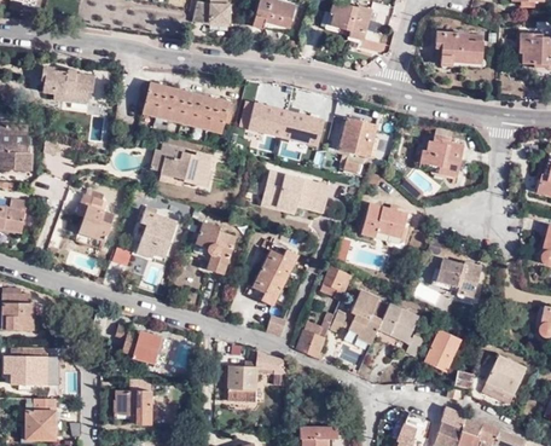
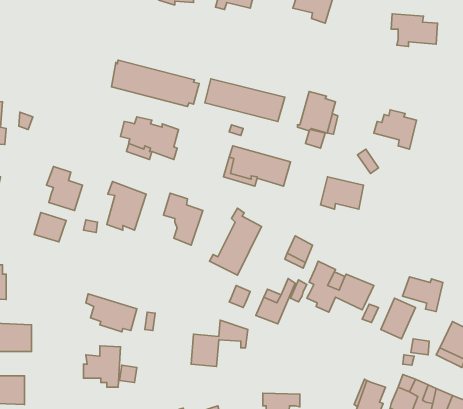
building: [41,66,95,103] -> none
building: none -> [34,212,66,242]
building: [441,257,483,294] -> [403,277,443,311]

